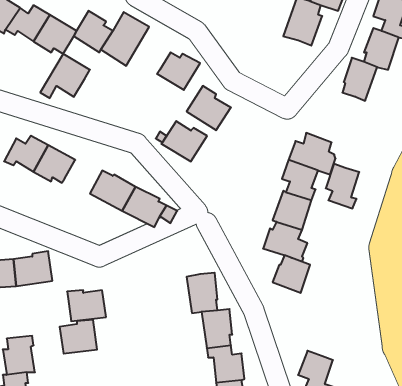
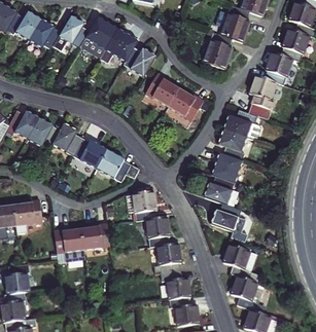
building: none -> [203,32,233,69]
building: [40,54,90,98] -> [100,28,138,62]
building: [161,121,207,161] -> [169,89,204,120]
building: none -> [52,123,81,155]
building: [326,164,359,208] -> [250,75,276,109]
building: none -> [133,188,156,220]
building: none -> [224,244,252,280]
building: [60,320,97,354] -> [81,224,110,250]

